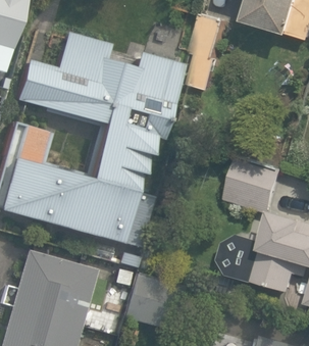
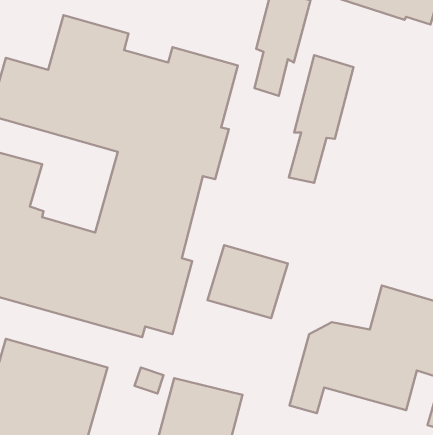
building: none -> [289,55,354,183]
building: [225,165,279,214] -> [208,245,288,318]

